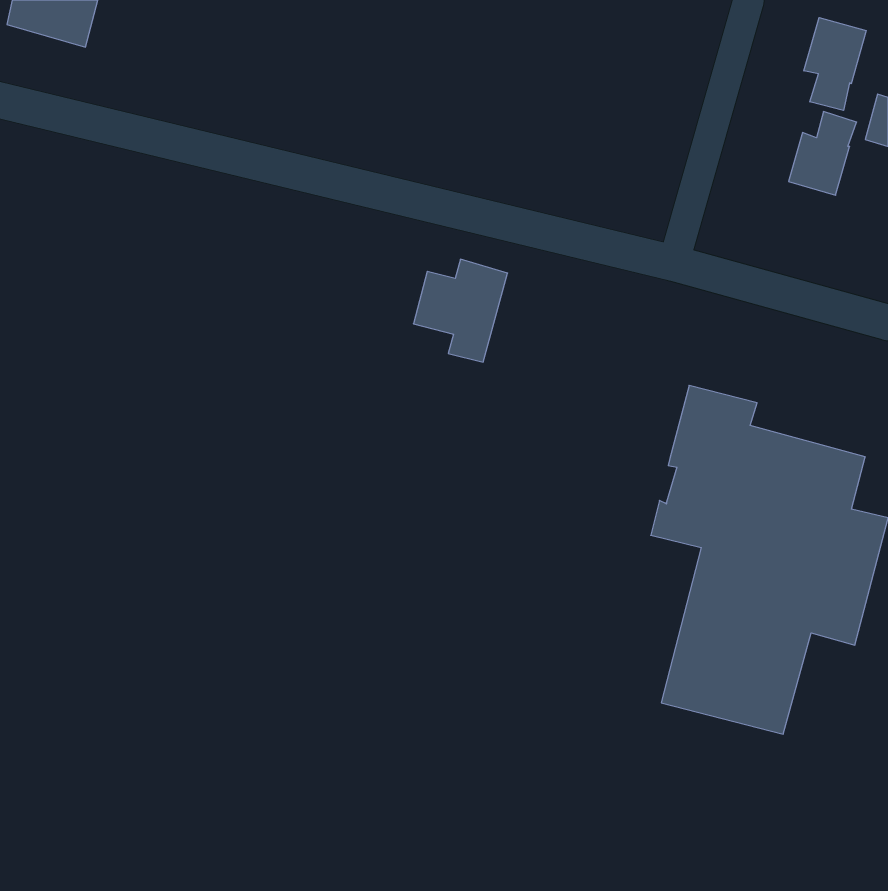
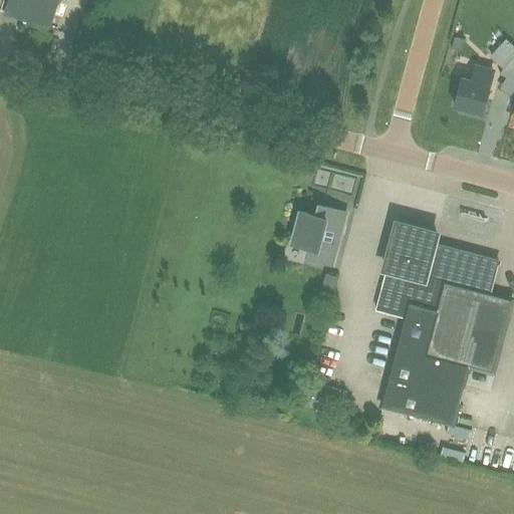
building: [804,18,866,110] -> none
building: [413,259,508,362] -> [291,204,345,263]

